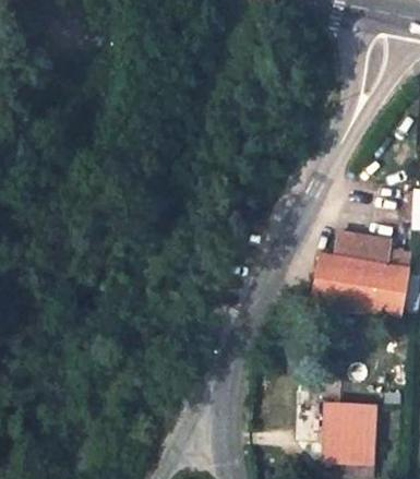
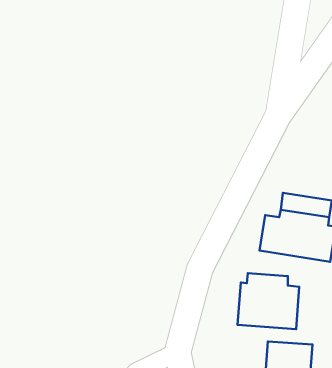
building: none -> [238,273,299,329]

